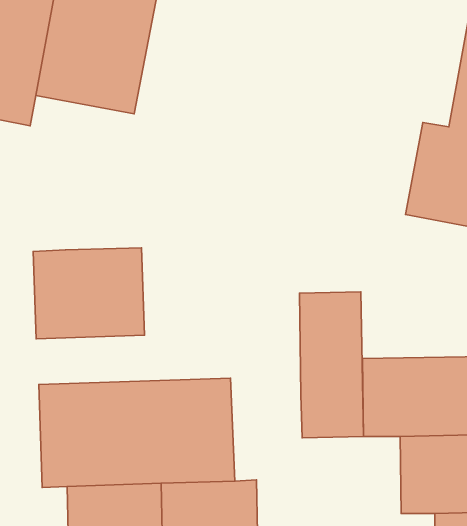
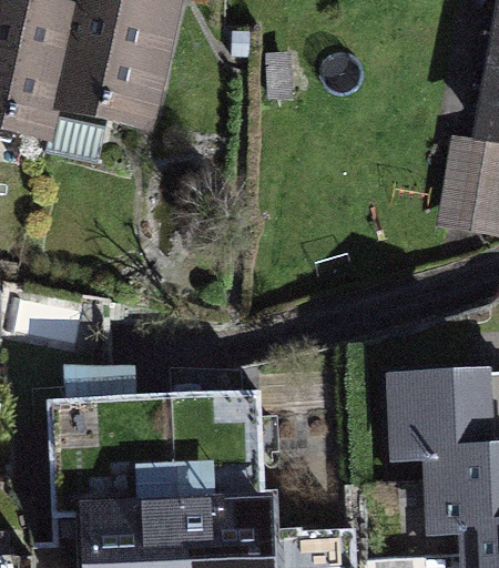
building: [33,248,145,339] -> none
building: [300,292,363,438] -> none

